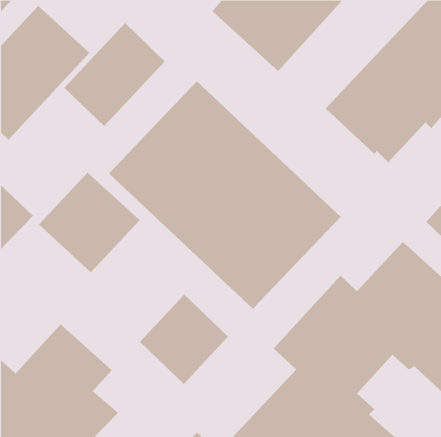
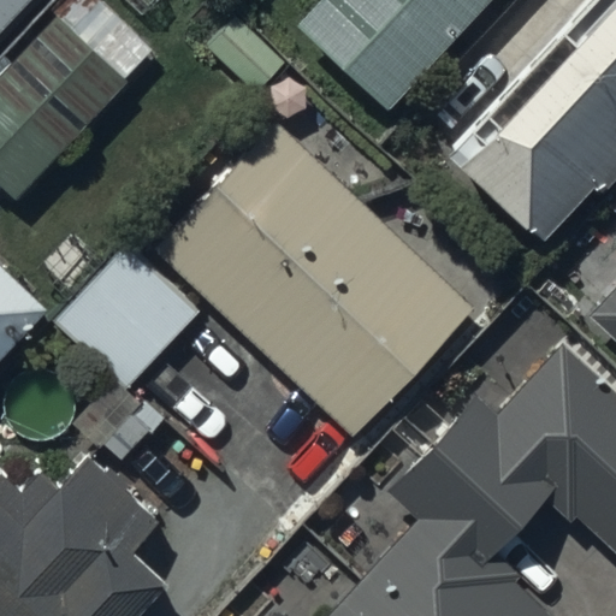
building: [64,22,166,127] -> none
building: [139,294,229,385] -> none

